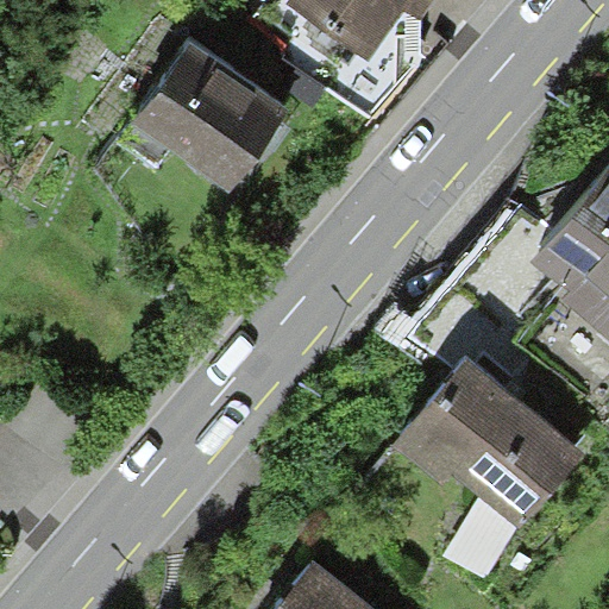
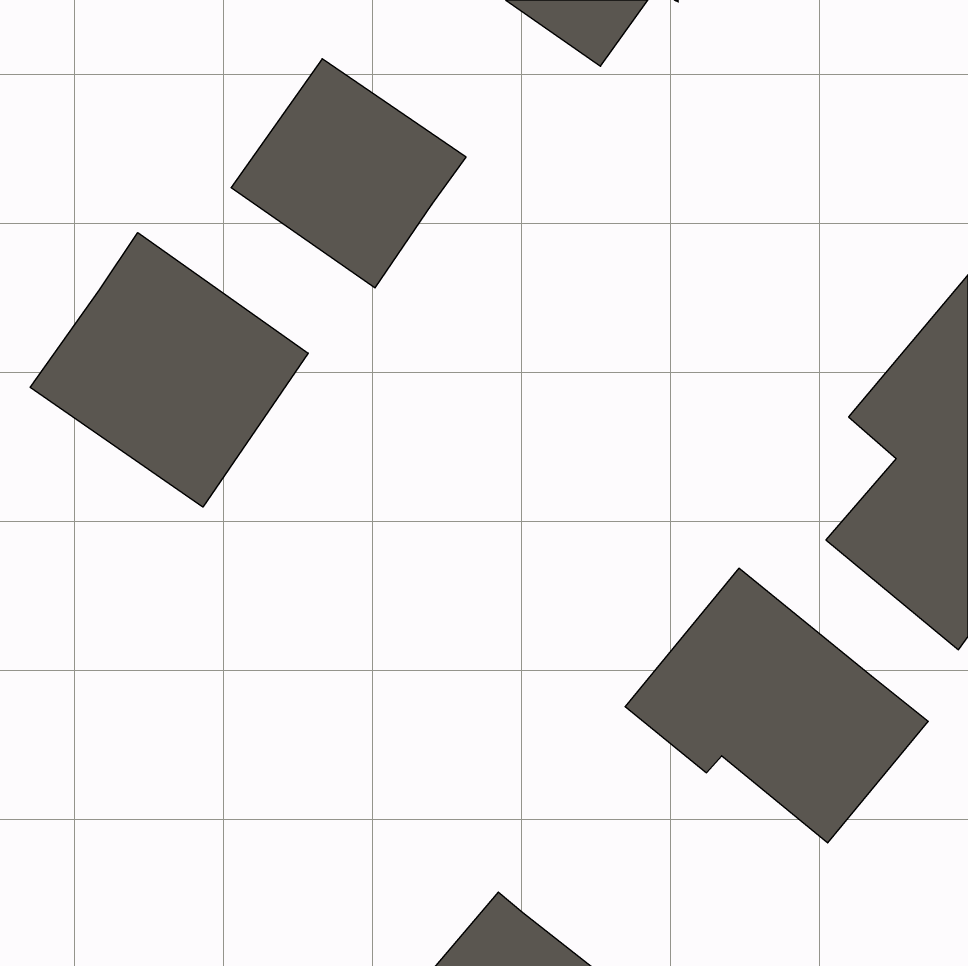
building: none -> [30,233,308,507]

